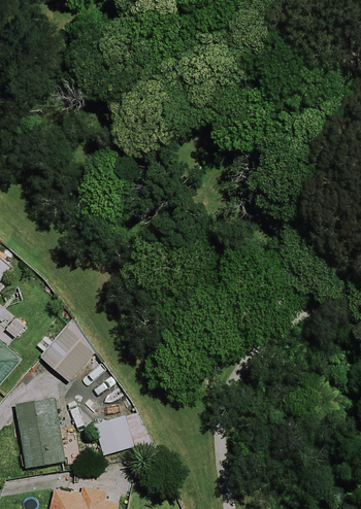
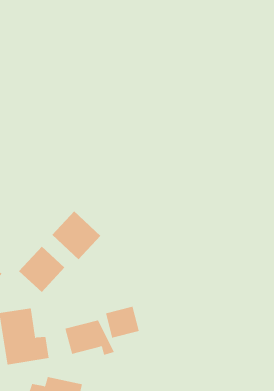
building: none -> [51,210,101,260]
building: none -> [105,306,139,338]

